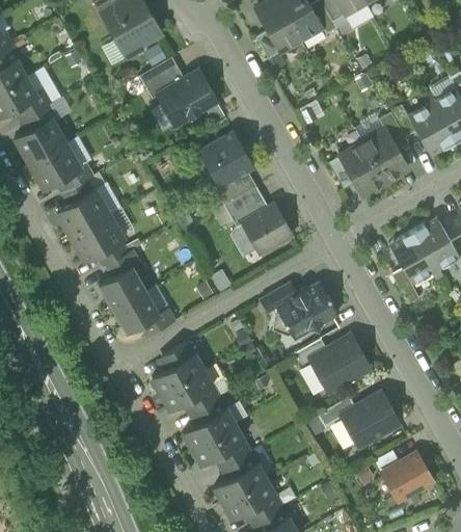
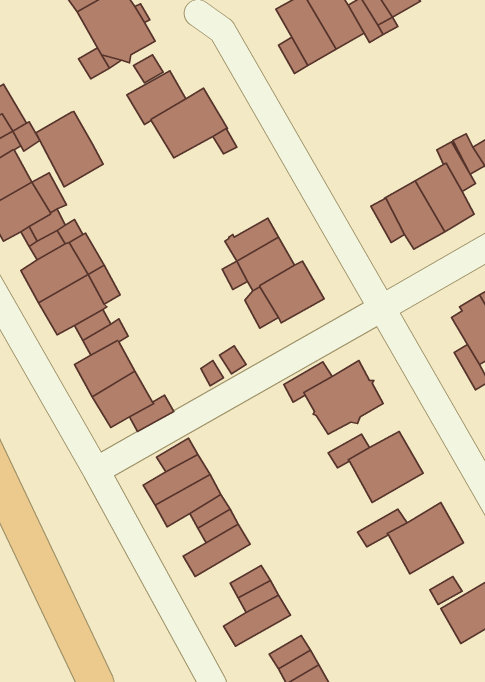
building: none -> [36,112,103,187]
building: [200,130,254,186] -> none
building: [192,424,243,464] -> none
building: [223,479,274,518] -> none

